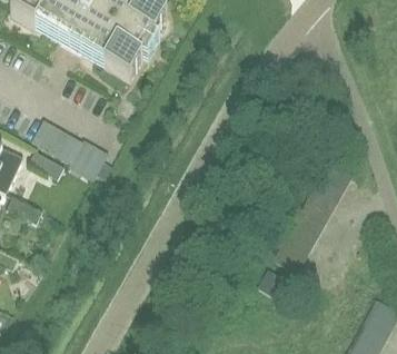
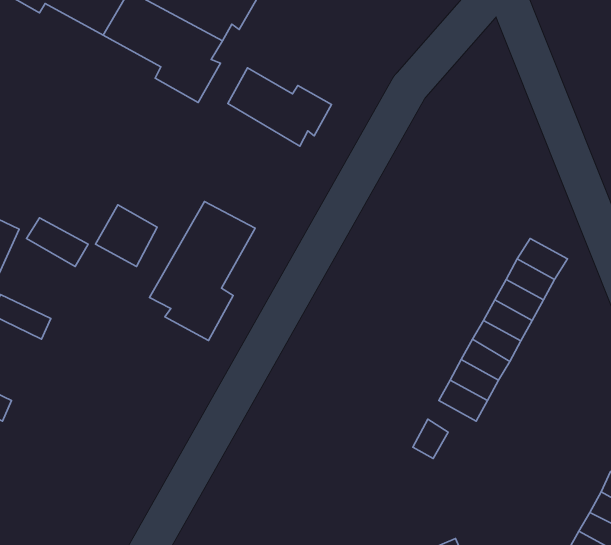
building: none -> [228,68,332,146]
building: none -> [150,202,255,341]

